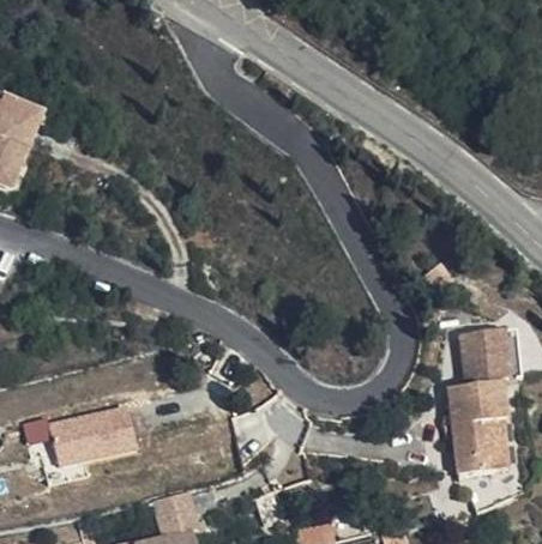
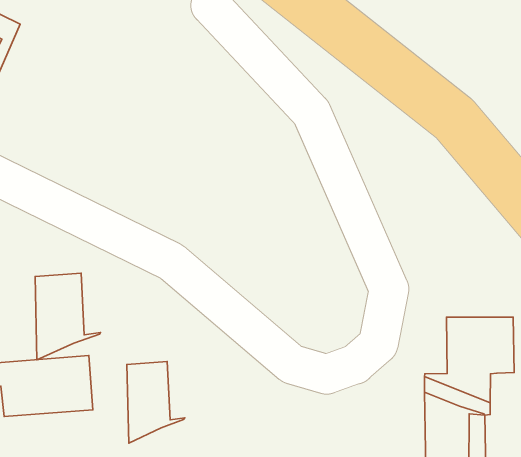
building: none -> [35,273,101,360]
building: none -> [127,362,185,443]

